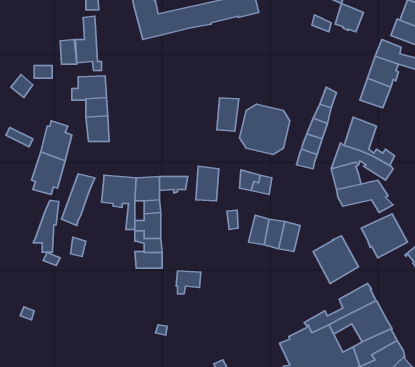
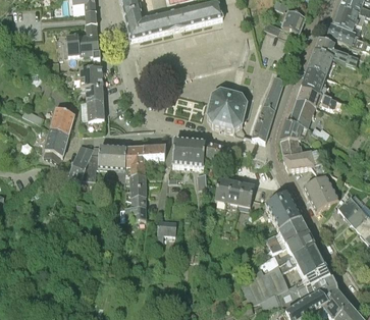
building: [217,98,239,131] -> [189,140,206,166]
building: none -> [297,86,336,107]
building: [33,200,59,252] -> [80,147,100,188]
building: none -> [254,217,308,254]

